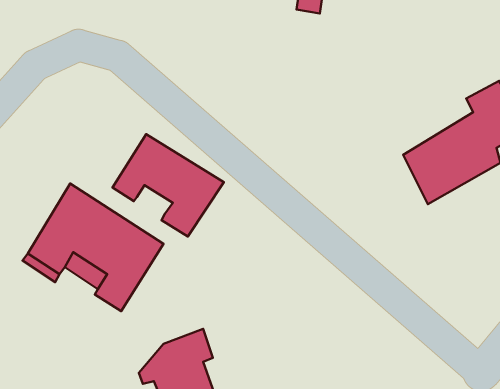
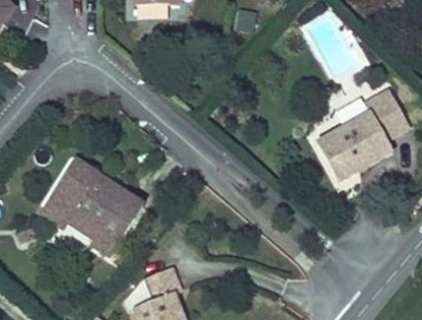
building: [113,134,224,236] -> none

